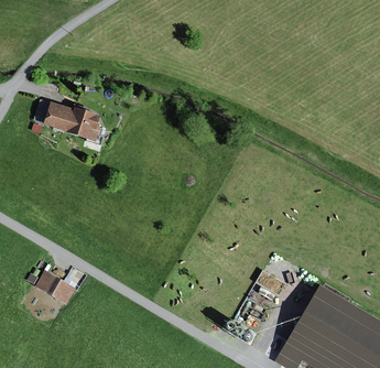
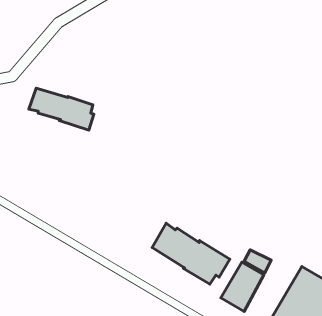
building: none -> [152,223,230,284]
building: [34,269,76,304] -> none

